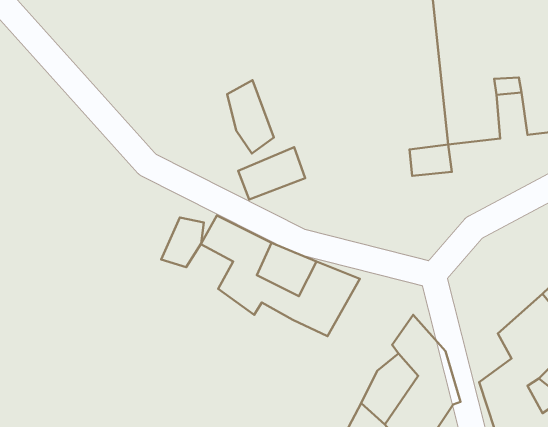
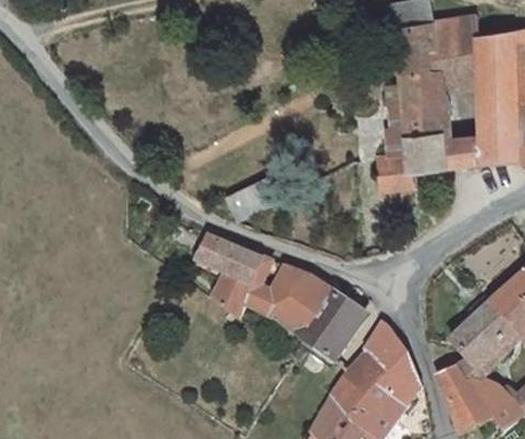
building: none -> [375,87,410,174]
building: [227,80,274,154] -> none
building: [161,218,204,267] -> none
building: none -> [304,287,368,358]

